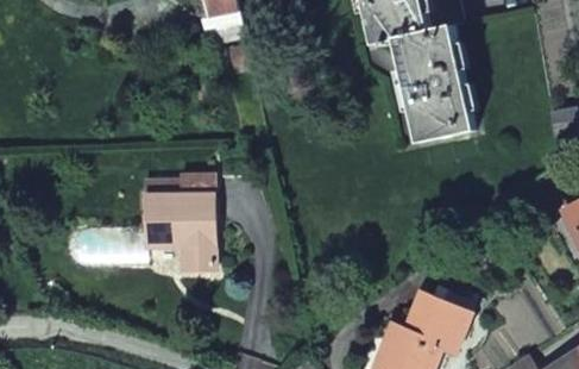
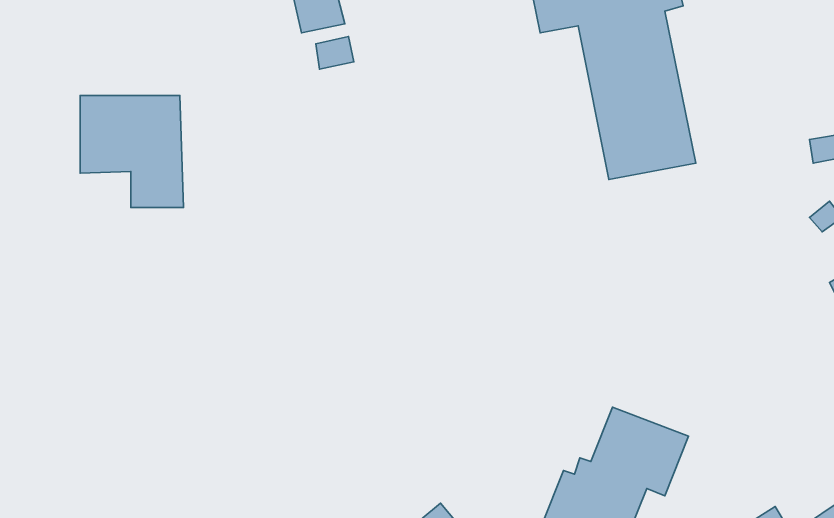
building: [147,190,215,264] -> [80,95,183,208]

